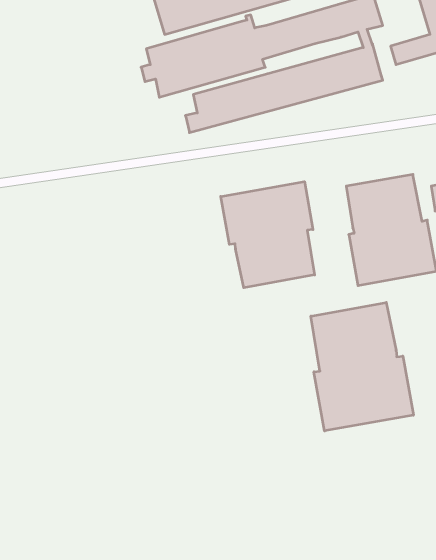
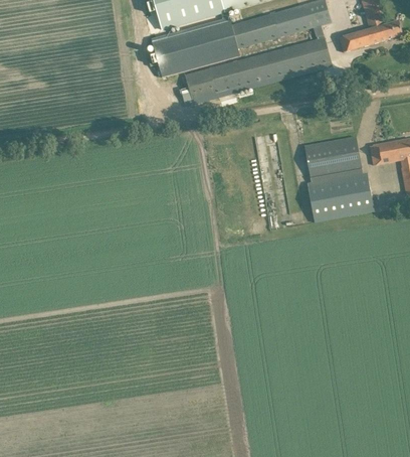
building: [221,182,315,288] -> none
building: [311,302,413,431] -> none

